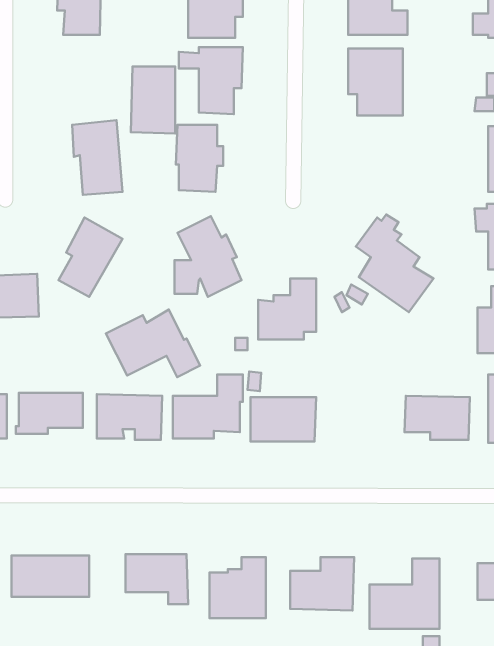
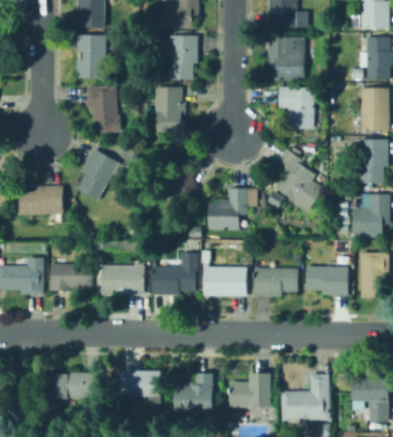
building: [131,67,175,134] -> [75,34,105,79]
building: none -> [278,88,314,128]
building: [106,310,200,377] -> none
building: none -> [253,267,298,296]

